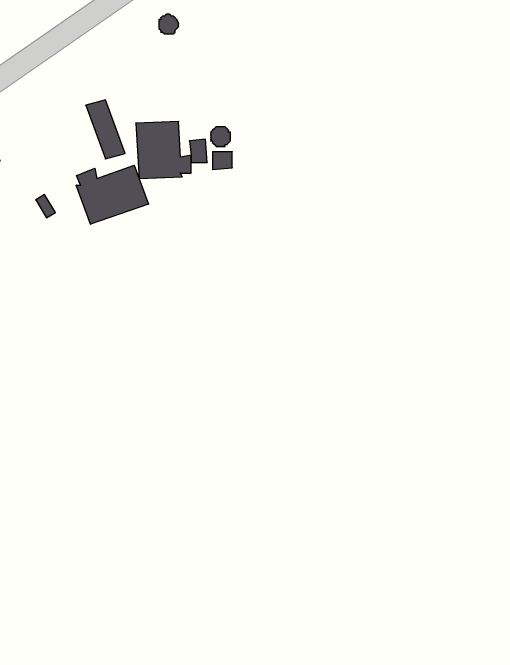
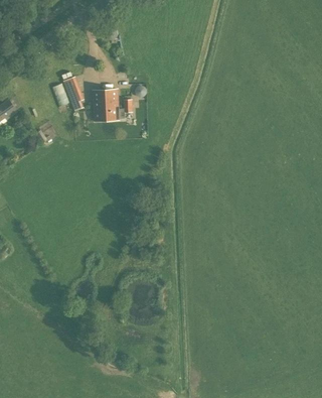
building: [76,165,149,224] -> none

